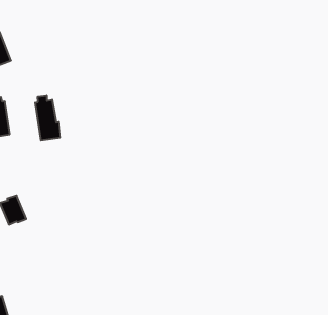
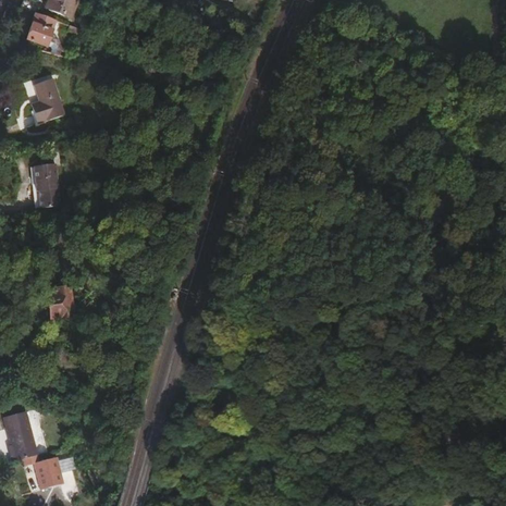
building: [35,95,60,140] -> none

